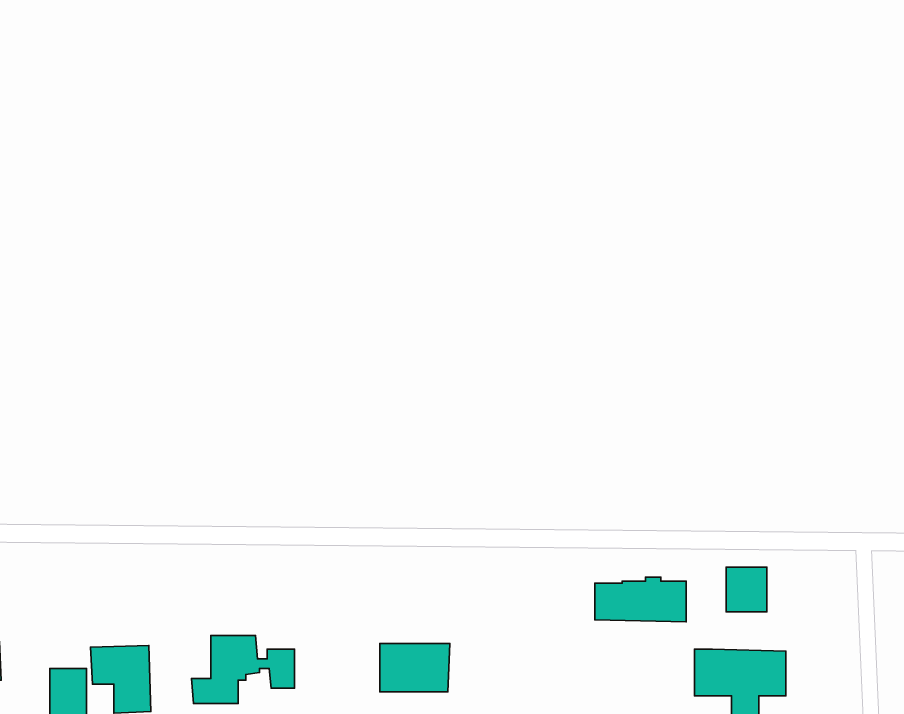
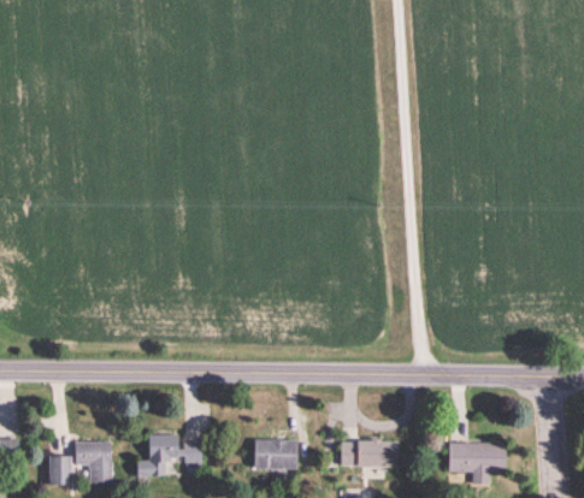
building: [726,567,767,612] -> none
building: [595,577,686,622] -> [341,438,397,466]

